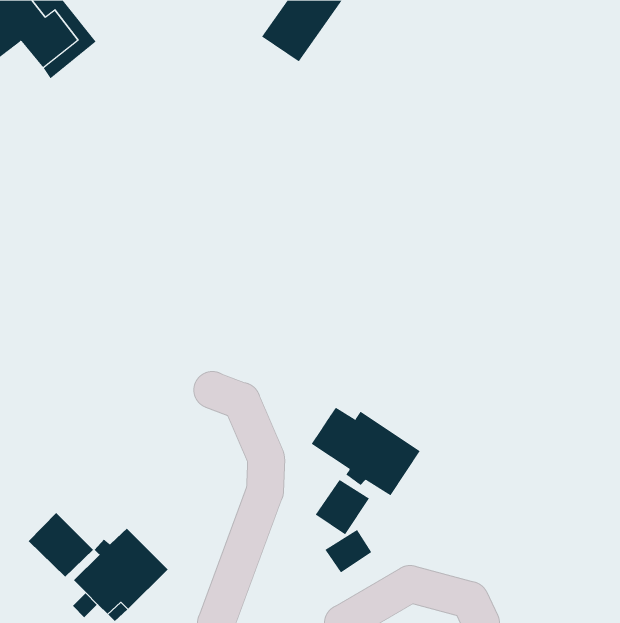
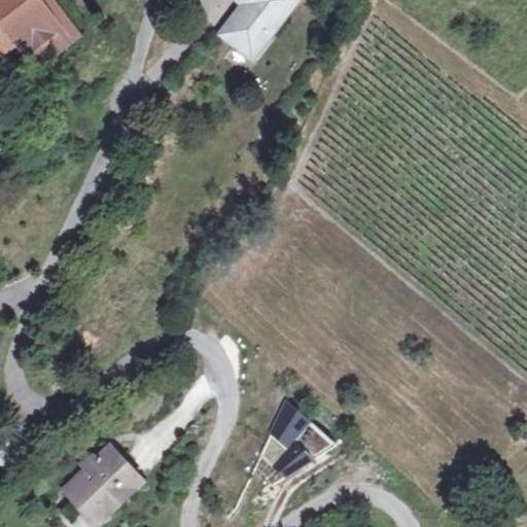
building: [311,407,421,496] -> none
building: [28,512,94,578] -> none

